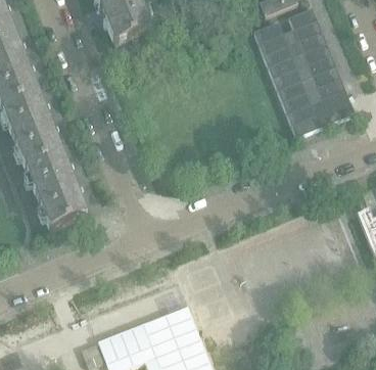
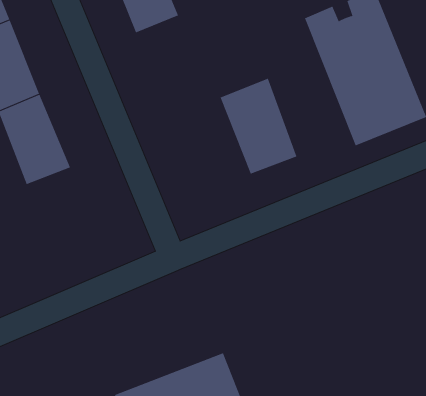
building: none -> [220,78,297,174]
building: [25,152,86,227] -> none

